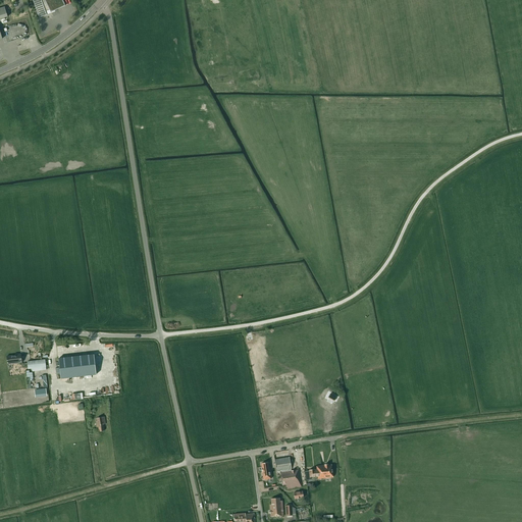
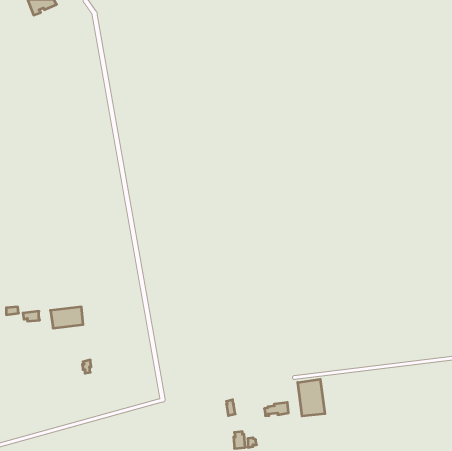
building: none -> [298,379,325,416]
building: [274,456,301,487] -> none

